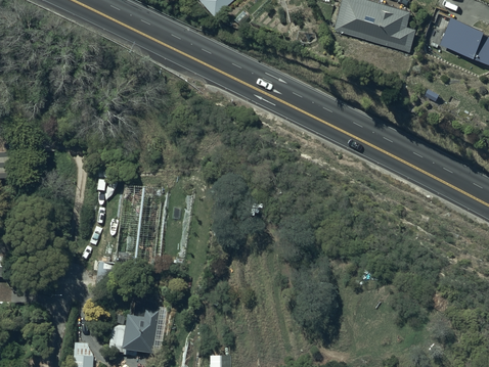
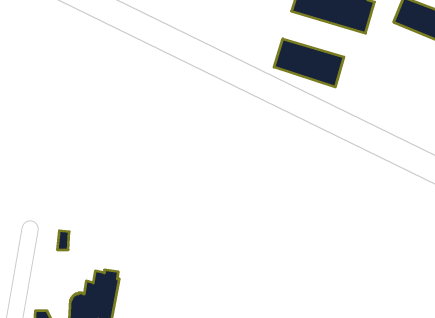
building: none -> [274,39,344,87]

